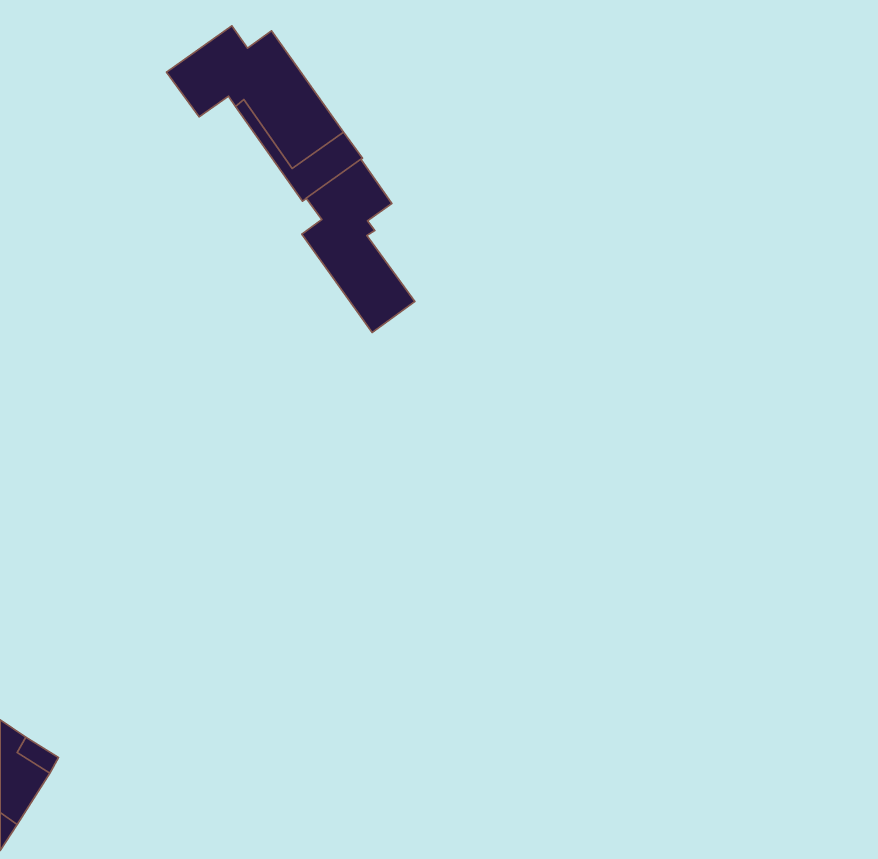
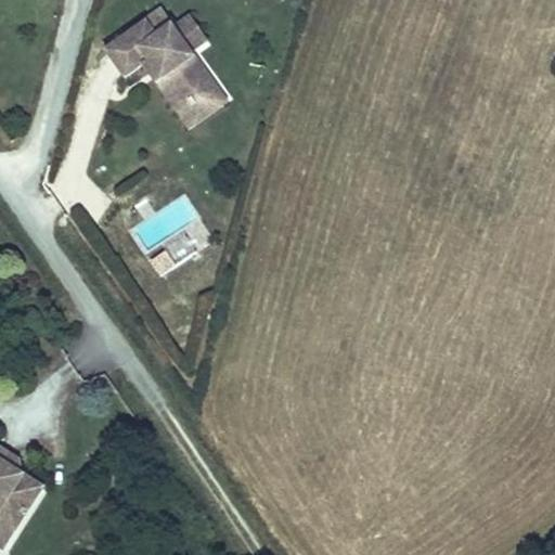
building: [302,159,415,333] -> none

